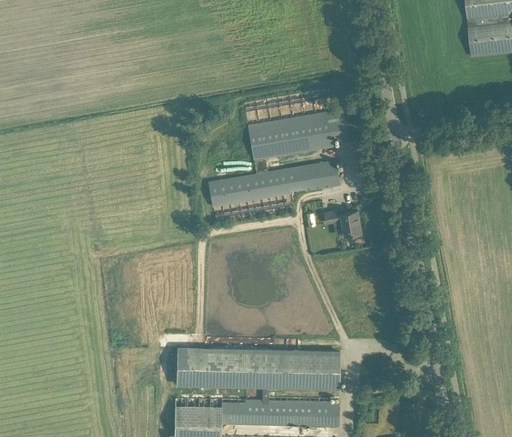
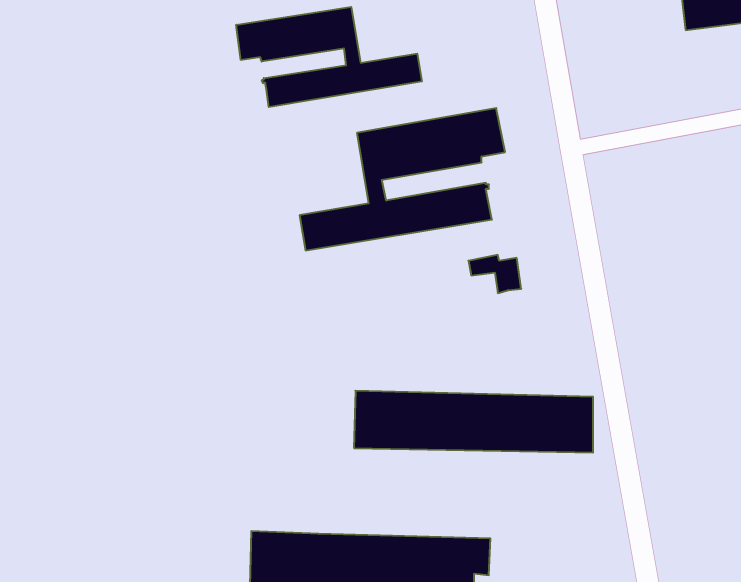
building: none -> [236,7,422,107]
building: [176,347,339,389] -> [354,391,593,453]

